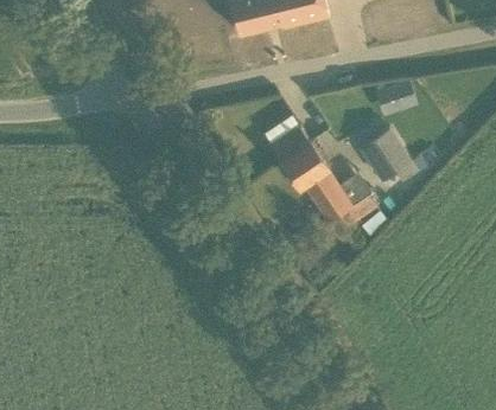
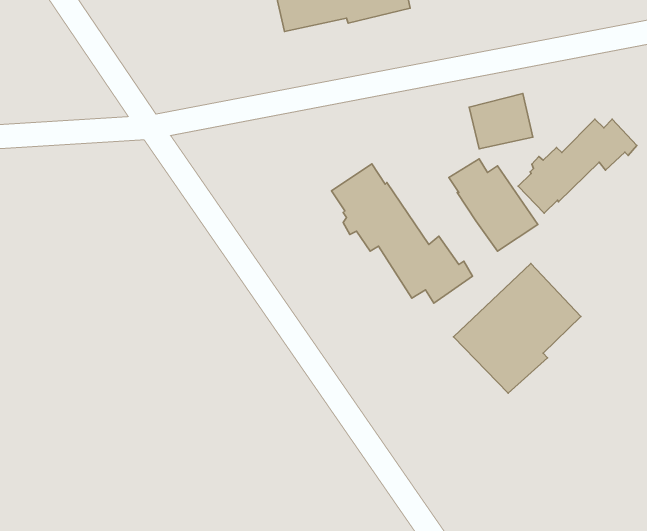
building: none -> [518,119,637,213]
building: none -> [453,264,581,393]

